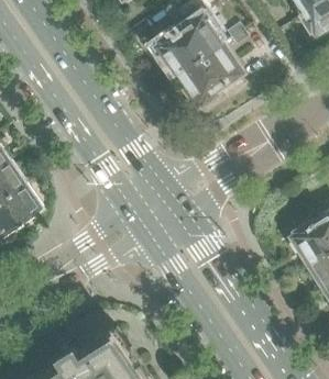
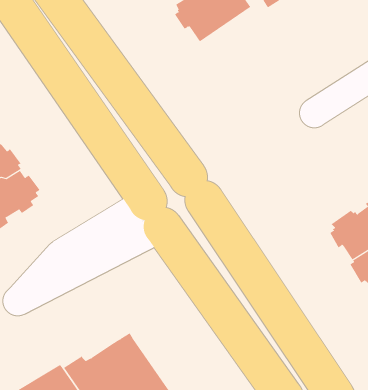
building: [177,43,243,107] -> none

